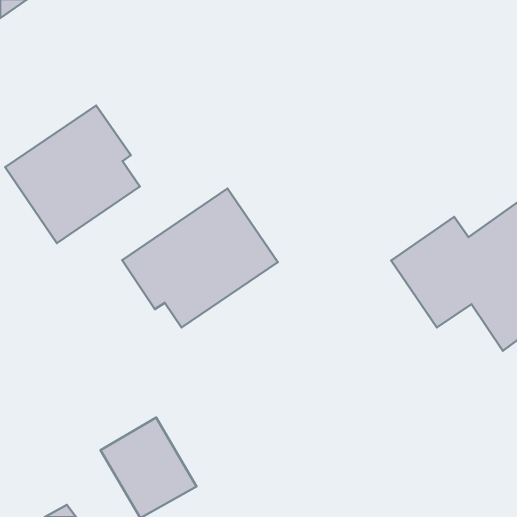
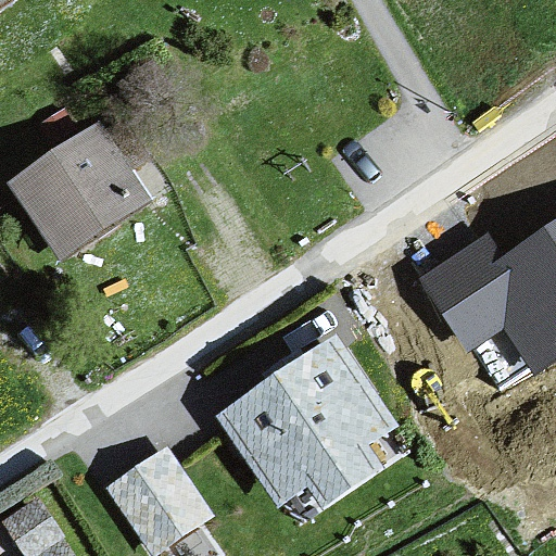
building: [122,188,278,328] -> none
building: none -> [216,338,389,505]

